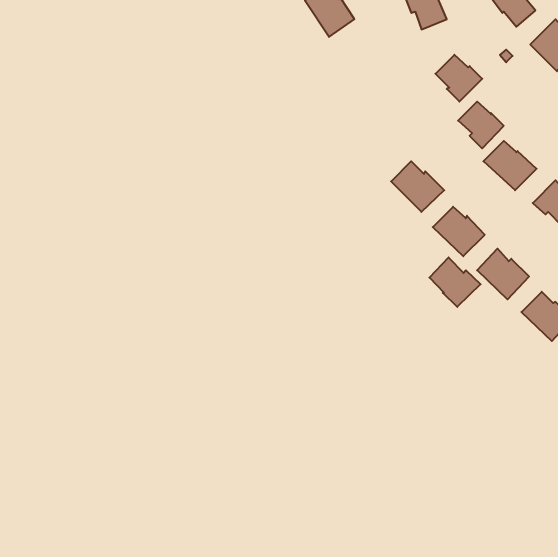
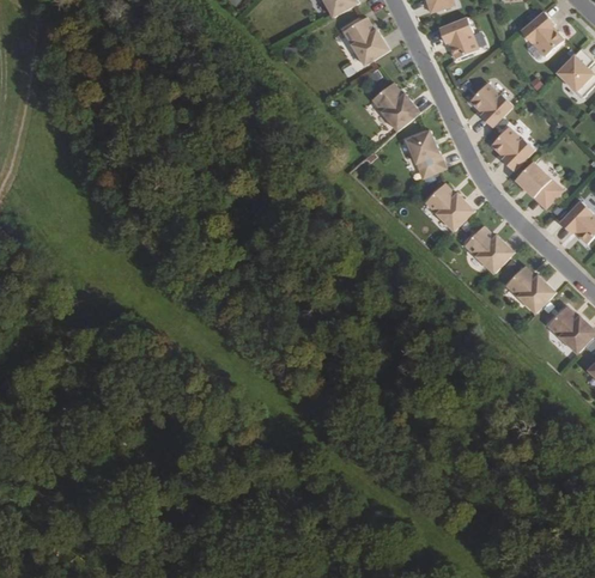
building: none -> [369,81,421,133]
building: none -> [406,130,447,178]
building: [429,257,481,307] -> none

